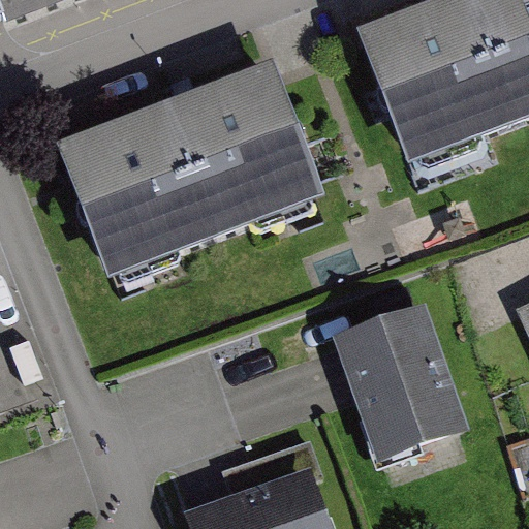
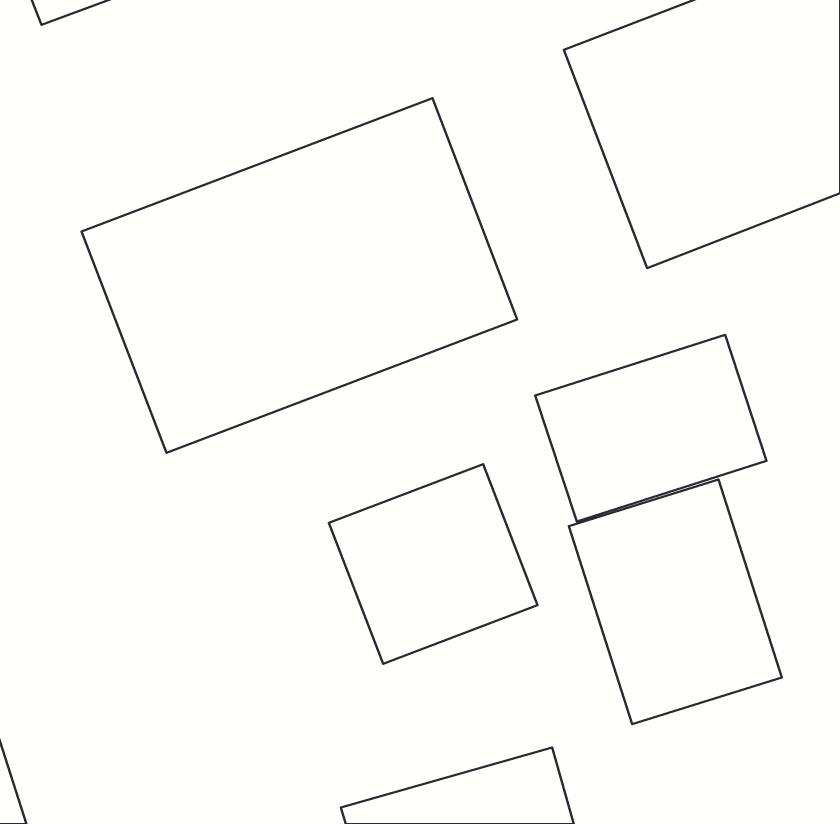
building: none -> [535,335,767,522]
building: none -> [329,464,538,664]

